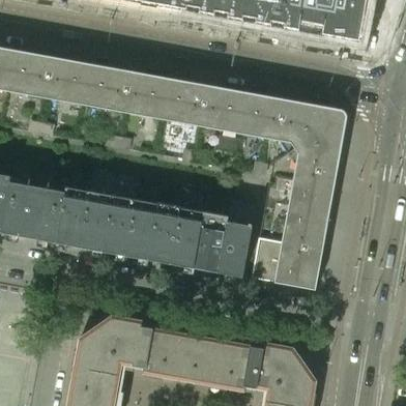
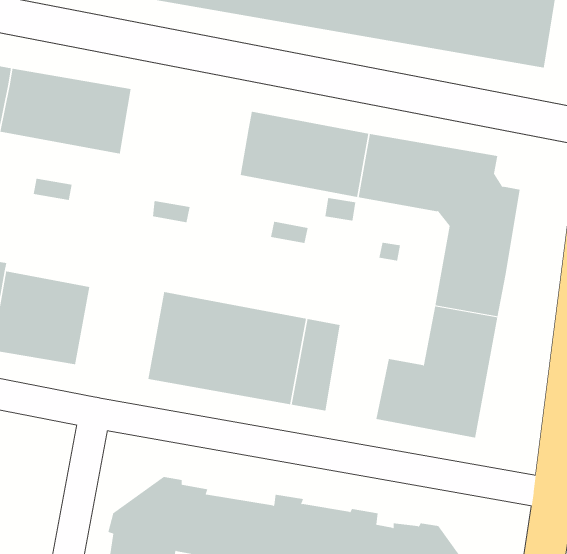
building: [85,62,170,118] -> none
building: [56,185,113,251] -> none
building: [219,198,256,276] -> none

